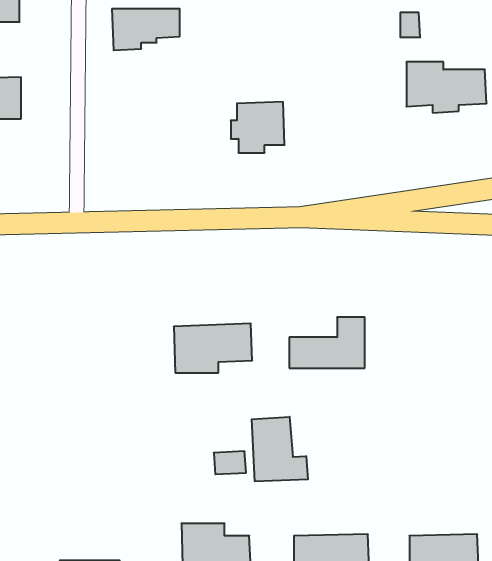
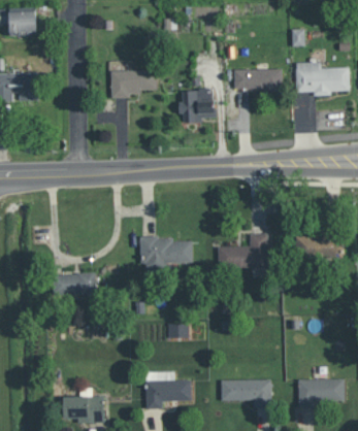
building: [112,9,180,50] -> [110,70,156,98]
building: none -> [234,68,282,90]
building: none -> [295,231,340,256]
building: none -> [54,273,96,294]
building: [252,417,308,481] -> none

